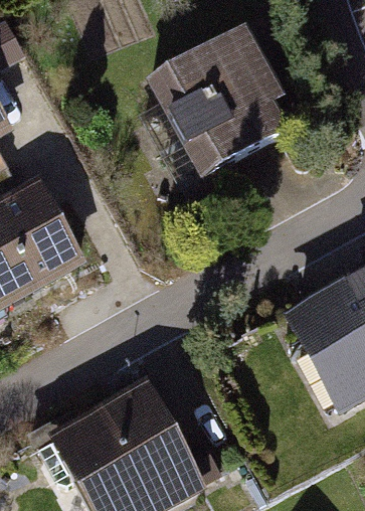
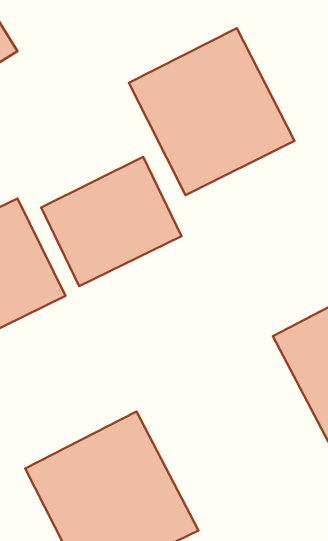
building: none -> [41,157,182,286]

